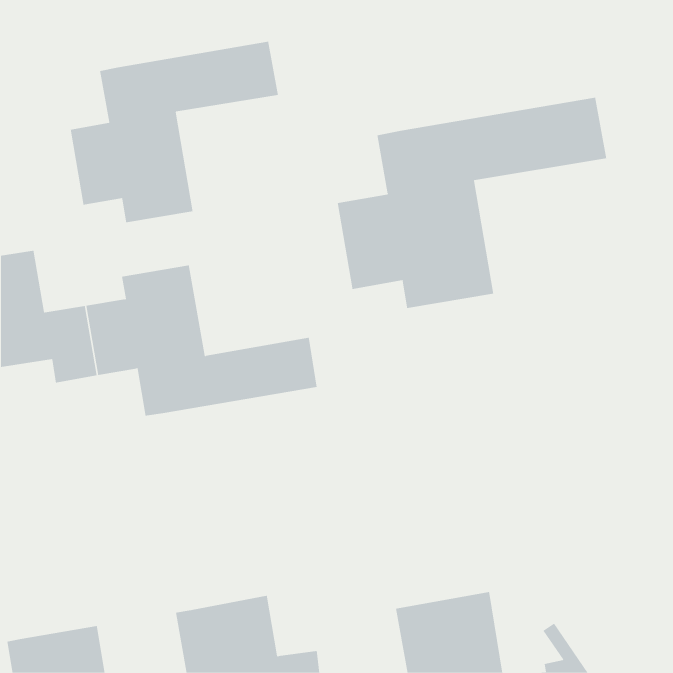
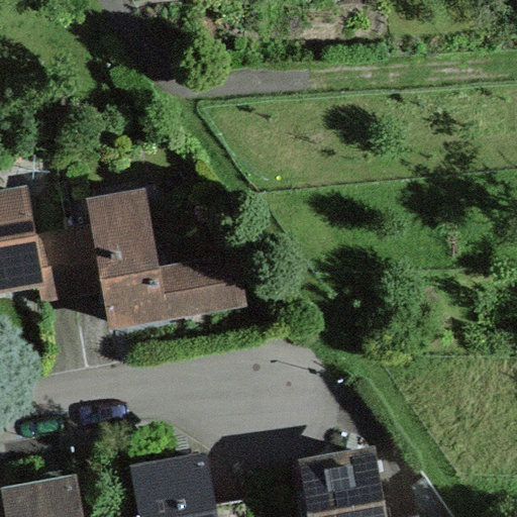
building: [70,41,278,223] -> none
building: [337,97,607,309] -> none

